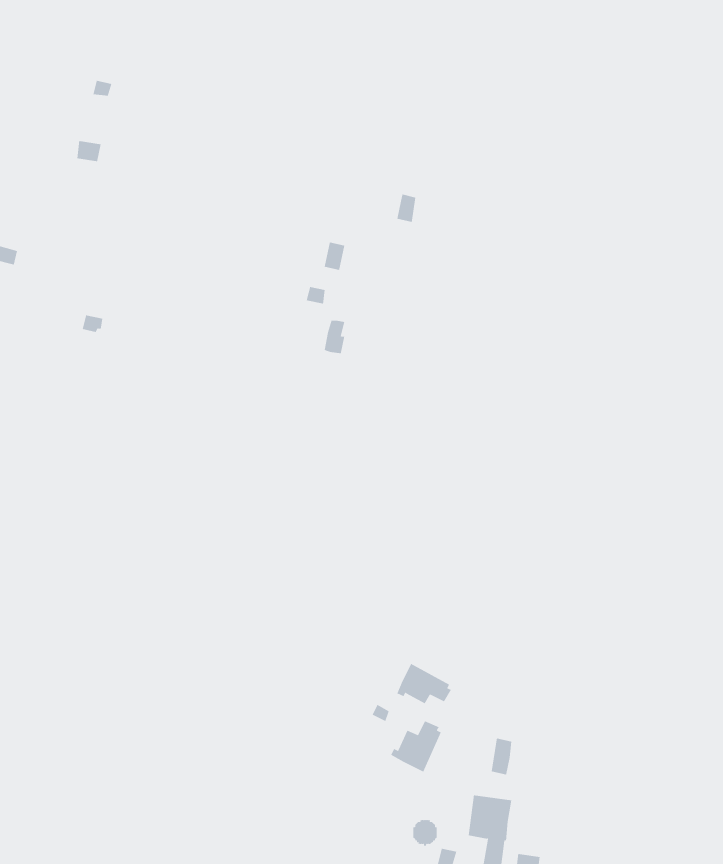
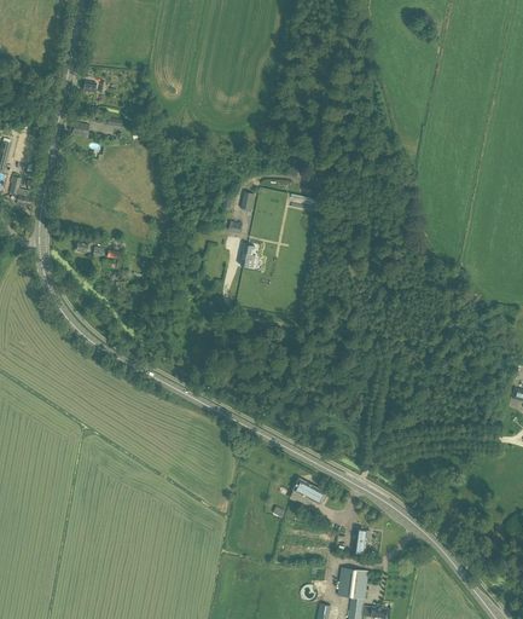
building: [390,720,442,773] -> none

